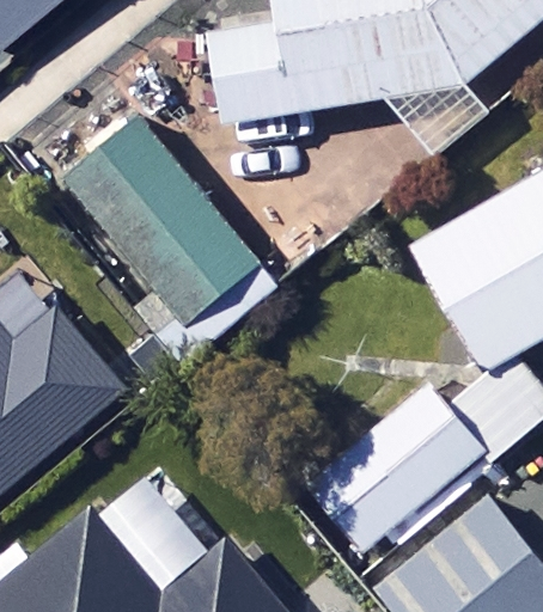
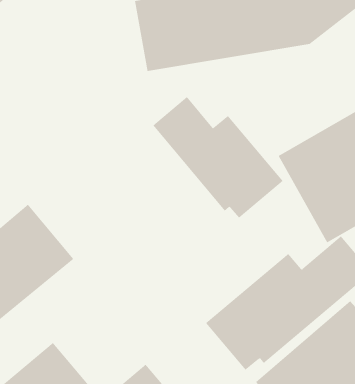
building: [68,126,273,350] -> none
building: none -> [152,96,284,219]

